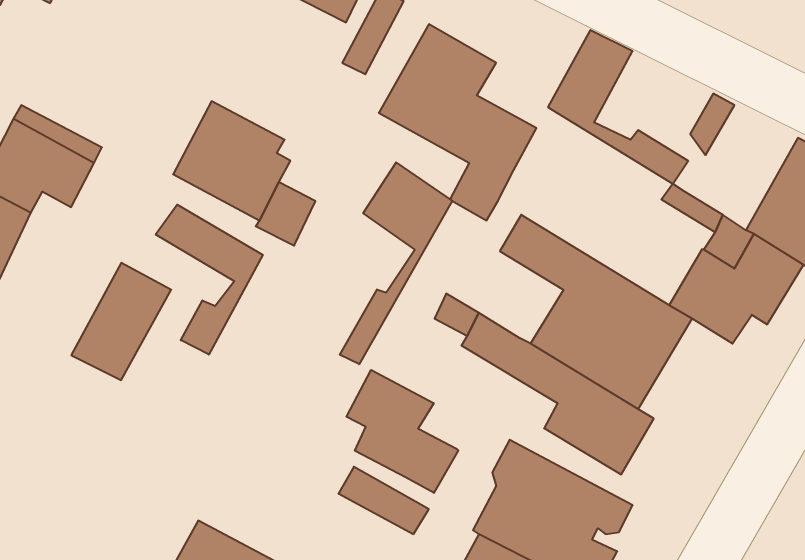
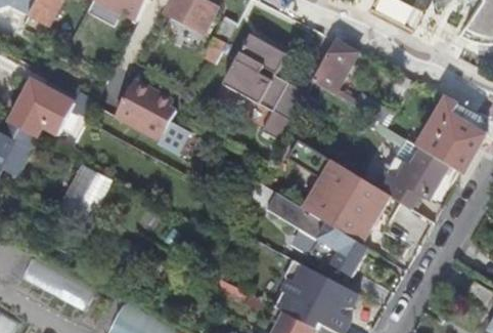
building: [340,162,452,364] -> none
building: [156,205,263,355] -> none
building: [346,370,458,493] -> none
building: none -> [26,256,97,305]

